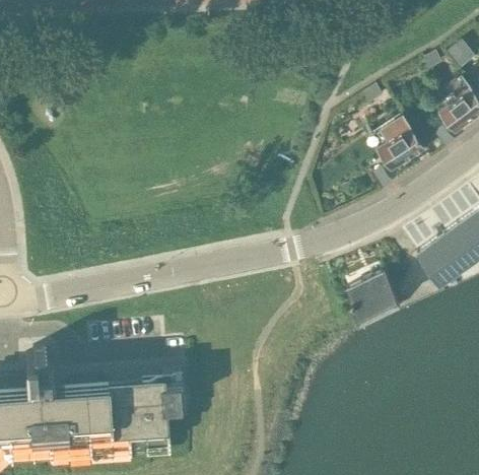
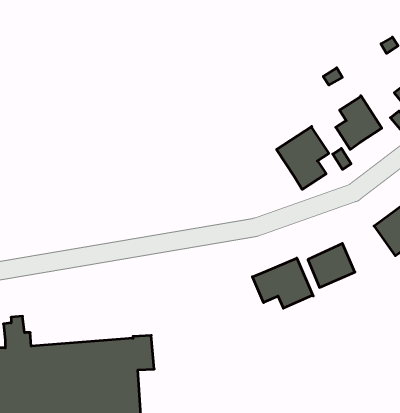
building: none -> [277,126,329,189]
building: none -> [252,258,313,308]

